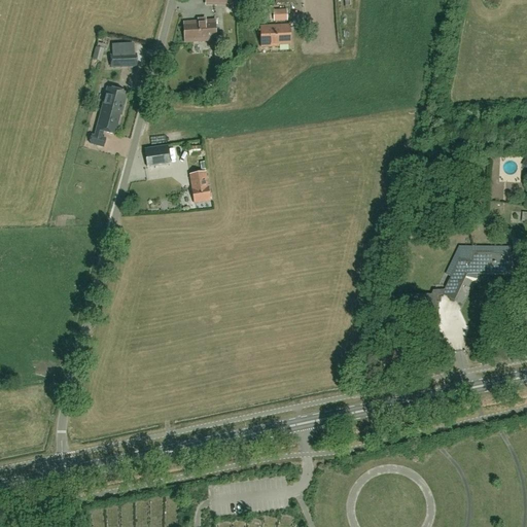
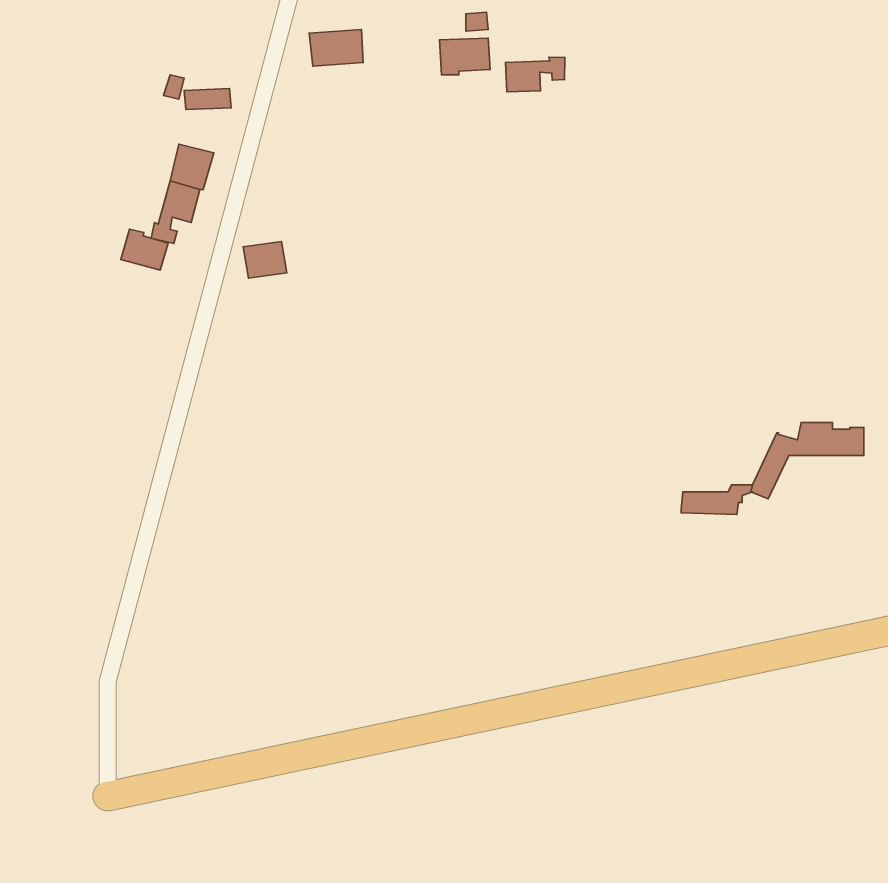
building: none -> [505,57,565,92]
building: none -> [121,229,168,270]
building: [189,169,210,201] -> none

